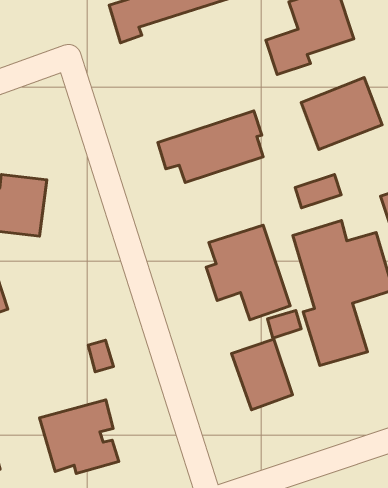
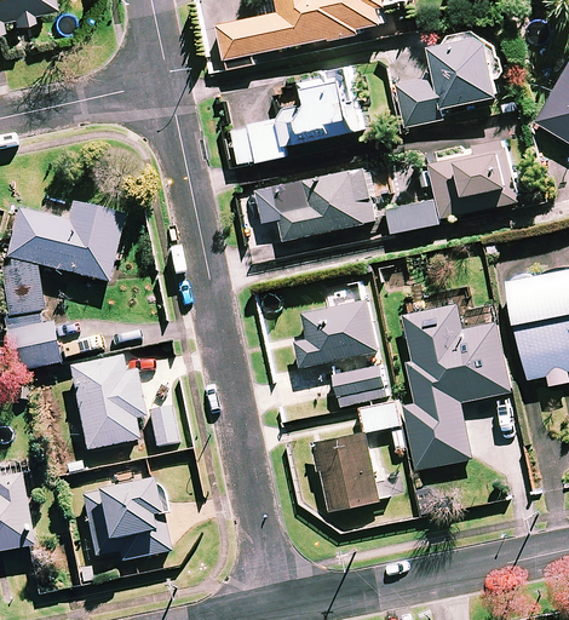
building: none -> [228,70,358,165]
building: [295,175,341,208] -> [384,199,436,232]
building: none -> [70,357,143,449]

